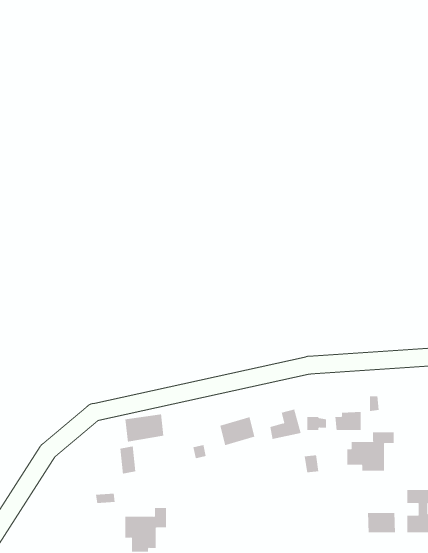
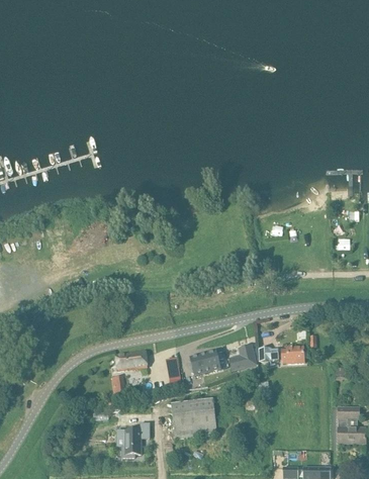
building: [347,432,394,472] -> none
building: none -> [172,398,217,439]
building: [367,512,395,533] -> none

